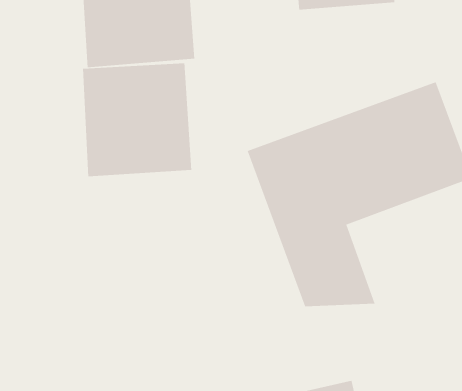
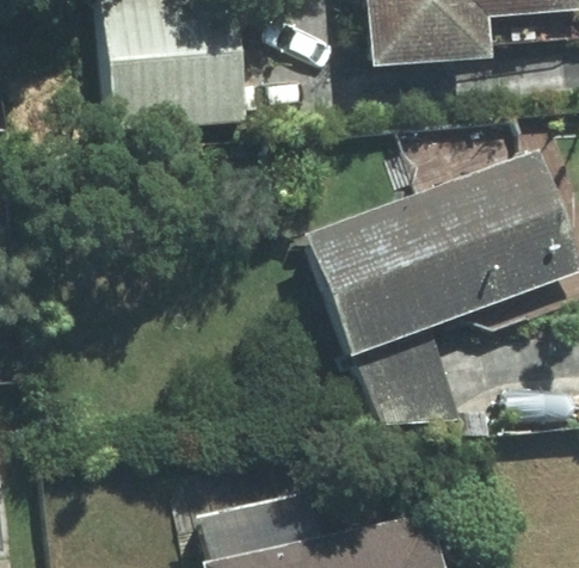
building: [83,63,192,177] -> none

